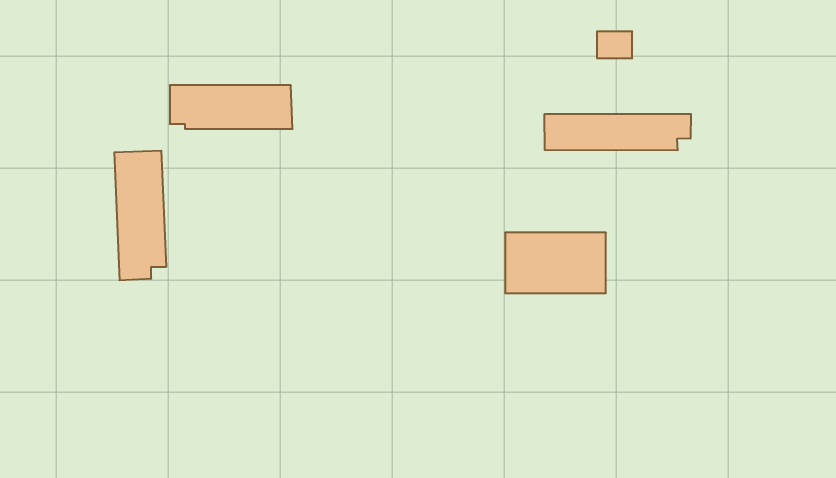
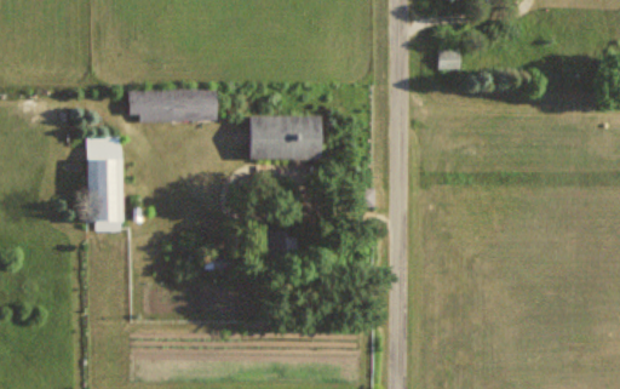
building: [545,114,691,150] -> none
building: [505,233,606,293] -> [249,114,322,158]

